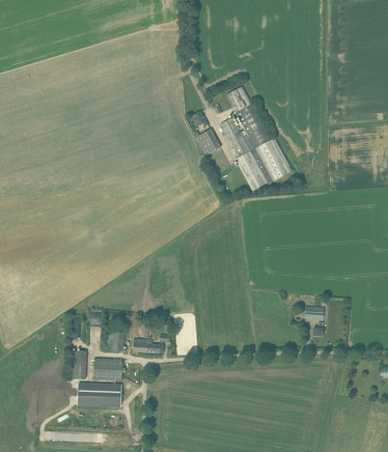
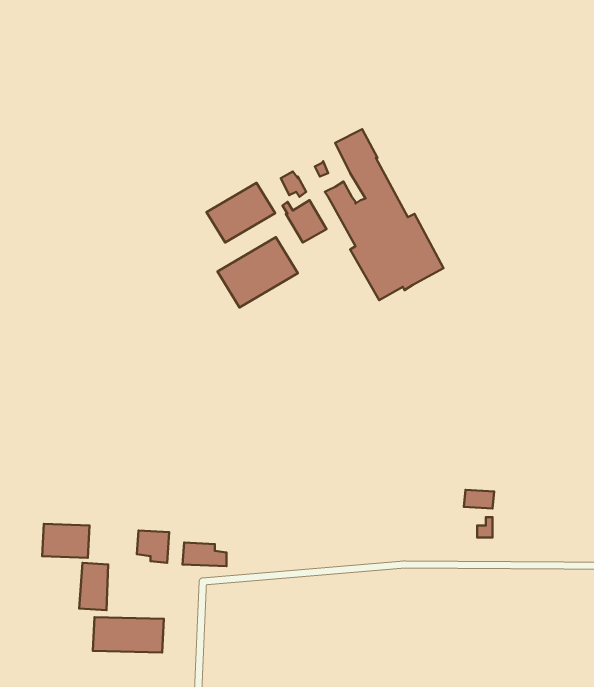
building: none -> [207,183,275,242]
building: none -> [217,237,298,307]
building: [92,359,121,379] -> [42,524,89,558]

